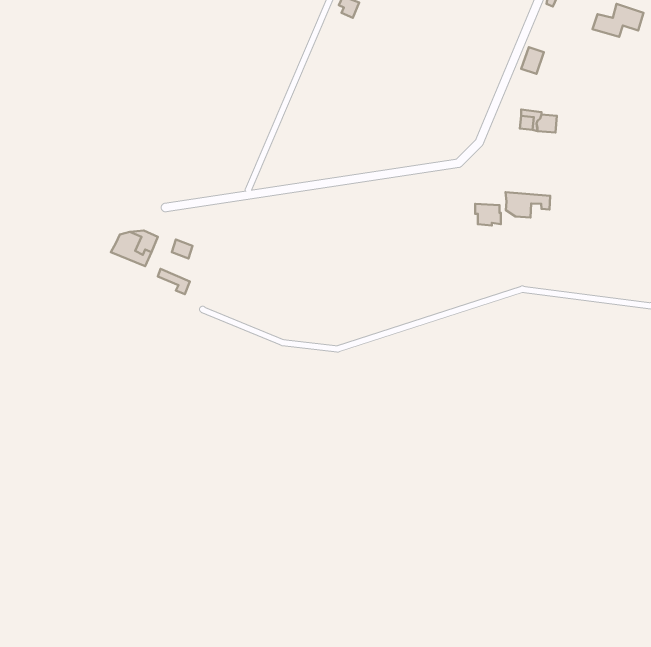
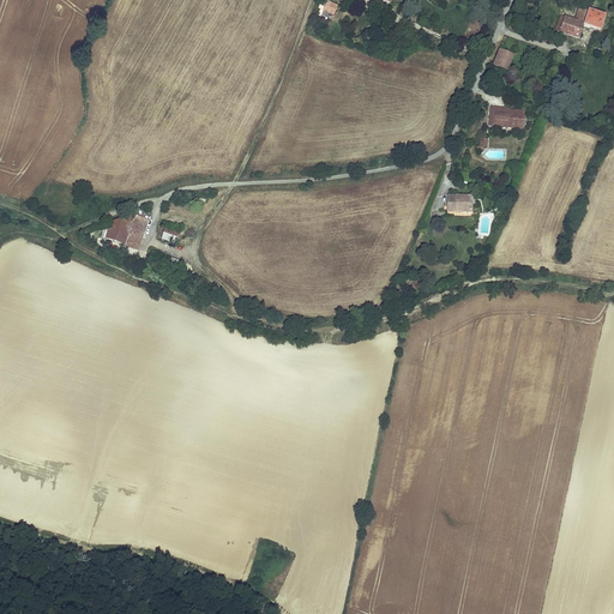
building: [506,192,550,217] -> none

